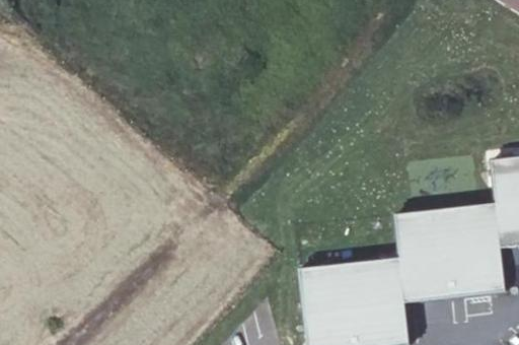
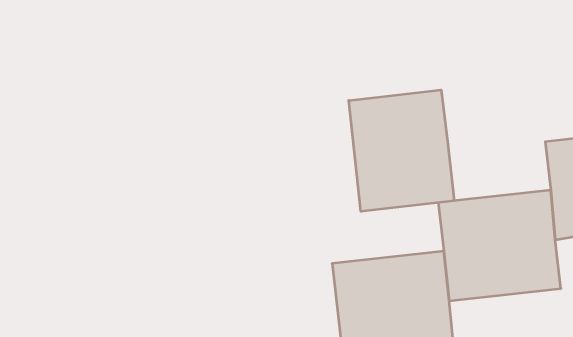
building: none -> [349,90,454,211]

